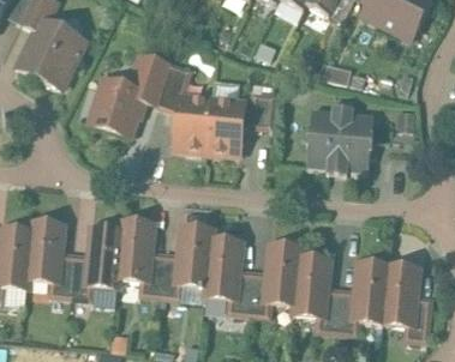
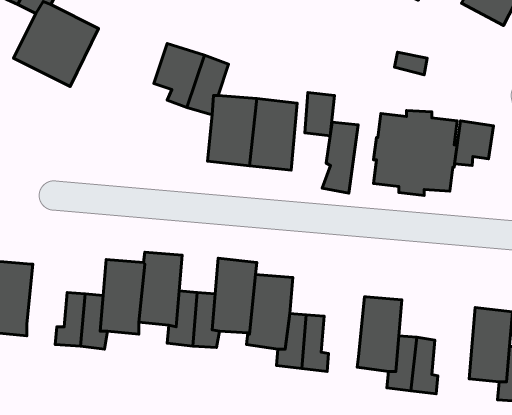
building: [89,77,144,137] -> none
building: none -> [455,121,493,166]
building: none -> [322,122,358,193]
building: [28,221,64,280] -> none
building: [264,243,301,304] -> none
building: [353,263,388,322] -> none

